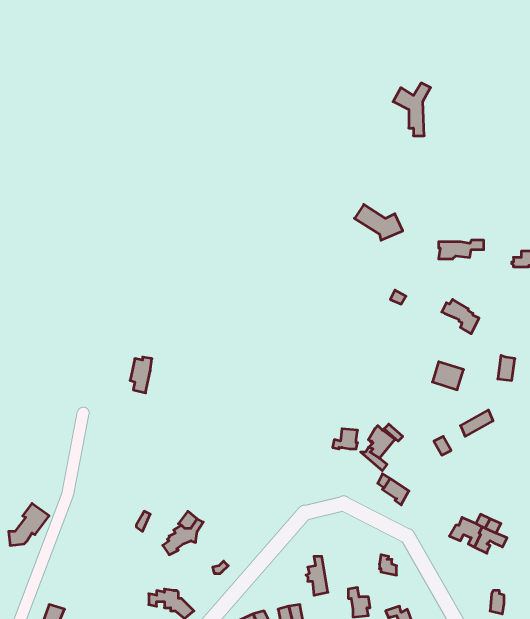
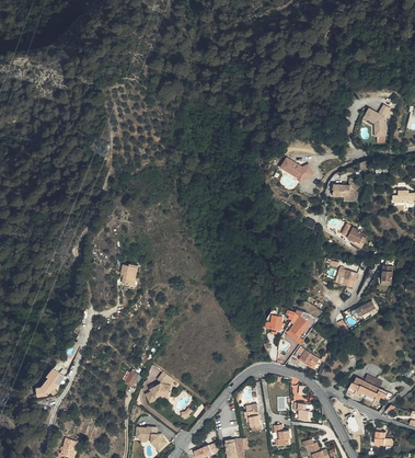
building: [393,83,431,136] -> [362,104,389,141]

